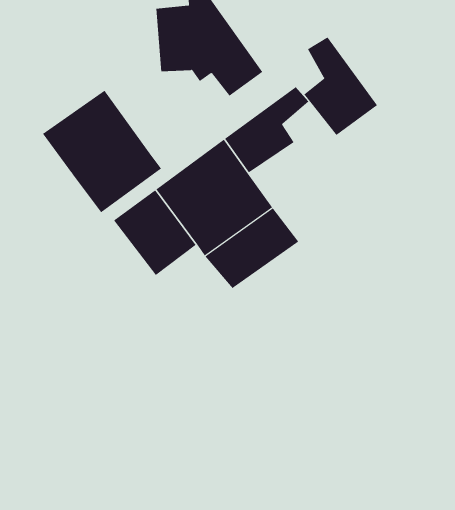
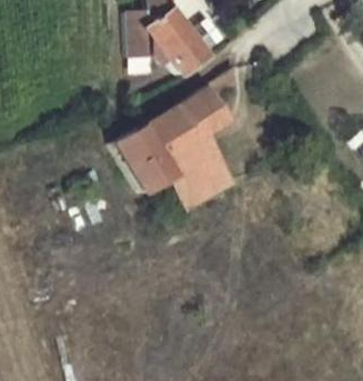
building: [303,37,378,136] -> none
building: [42,90,162,213] -> none

